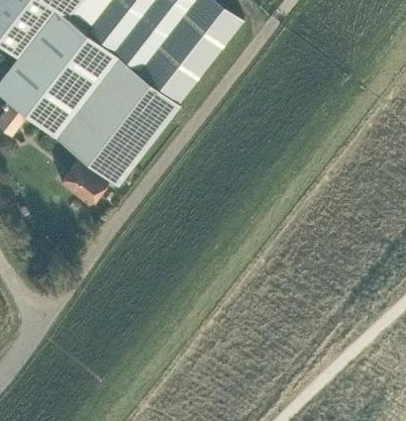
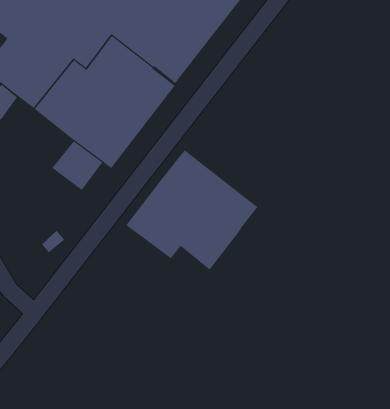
building: none -> [125,149,258,270]

